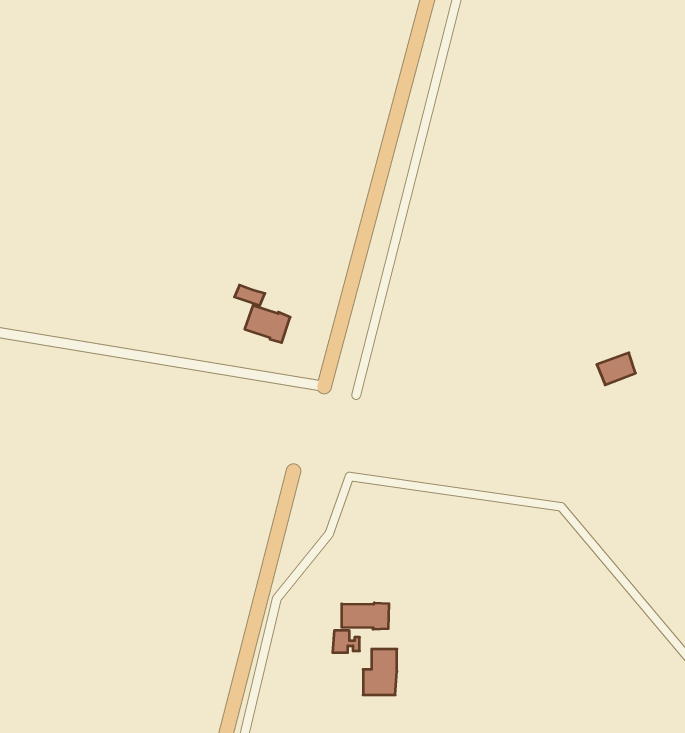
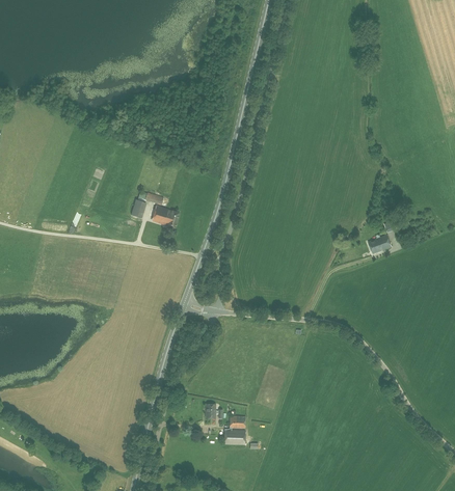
building: [342,603,389,629] -> none

